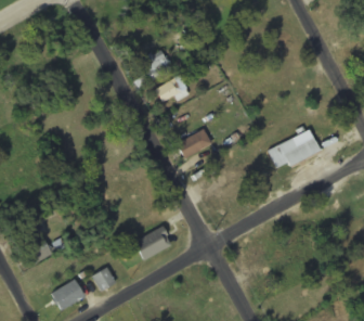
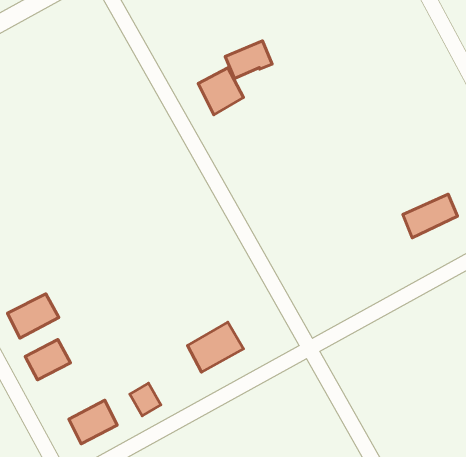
building: [155,76,187,102] -> [225,41,272,78]
building: [177,130,211,157] -> none
building: none -> [8,294,59,338]

